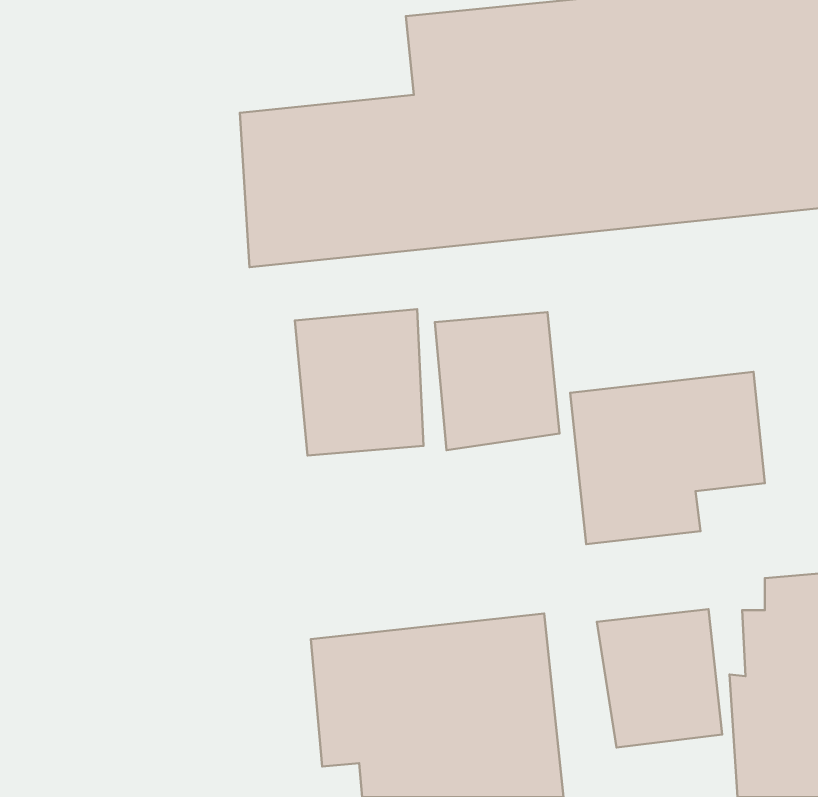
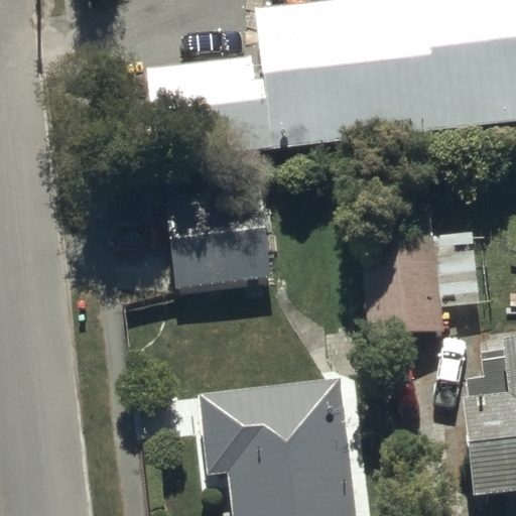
building: [435,312,559,450] -> none
building: [597,609,722,747] -> none

